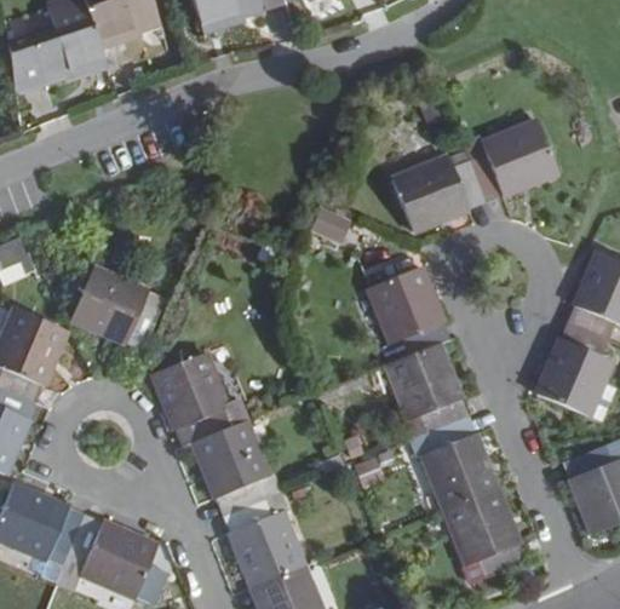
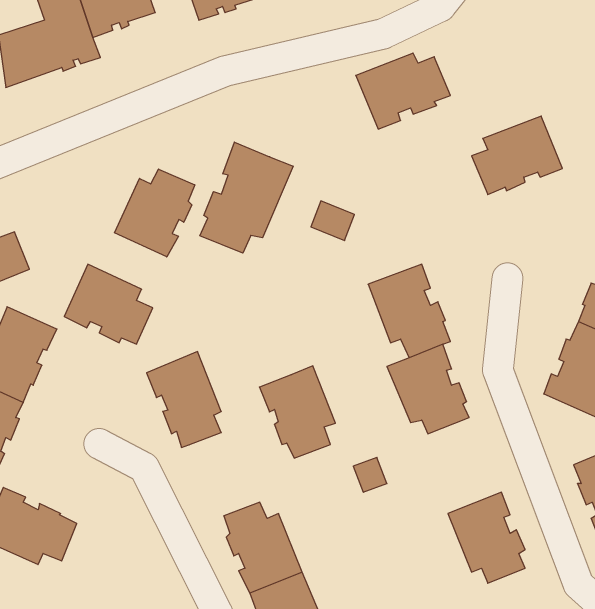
building: none -> [200,142,293,253]
building: [392,159,484,232] -> [356,53,450,129]
building: none -> [114,169,195,257]
building: [423,416,498,510] -> none
building: [194,423,268,512] -> [259,366,335,458]
building: [59,519,159,597] -> none

